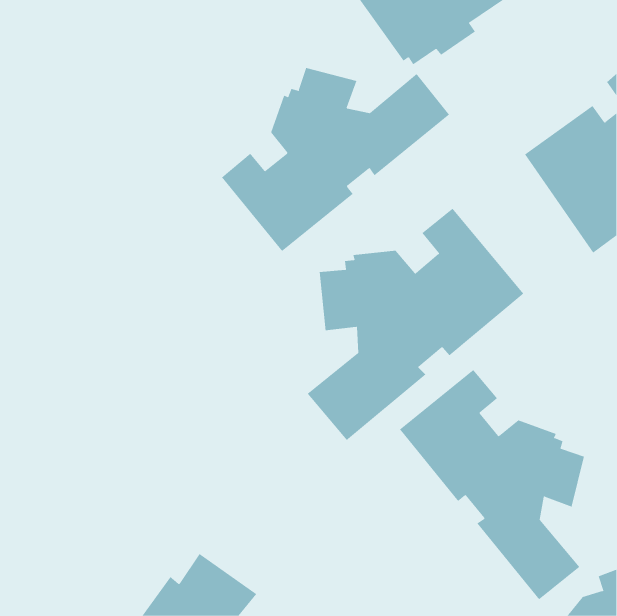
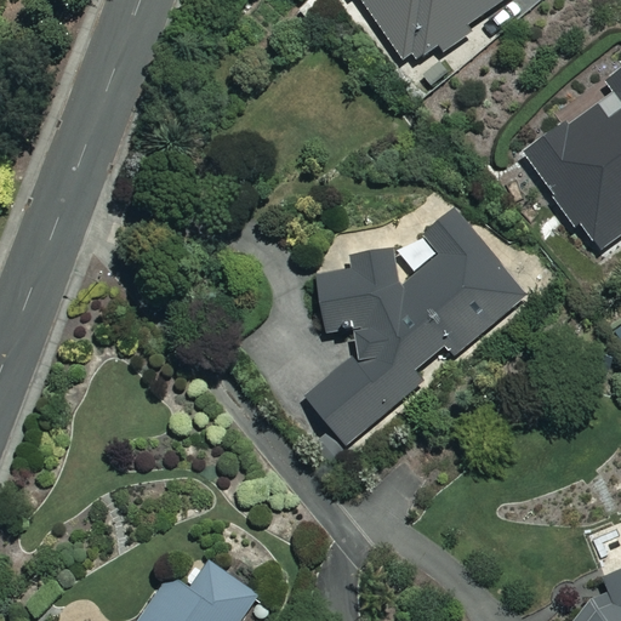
building: [221,67,450,252] -> none
building: [399,369,584,600] -> none

